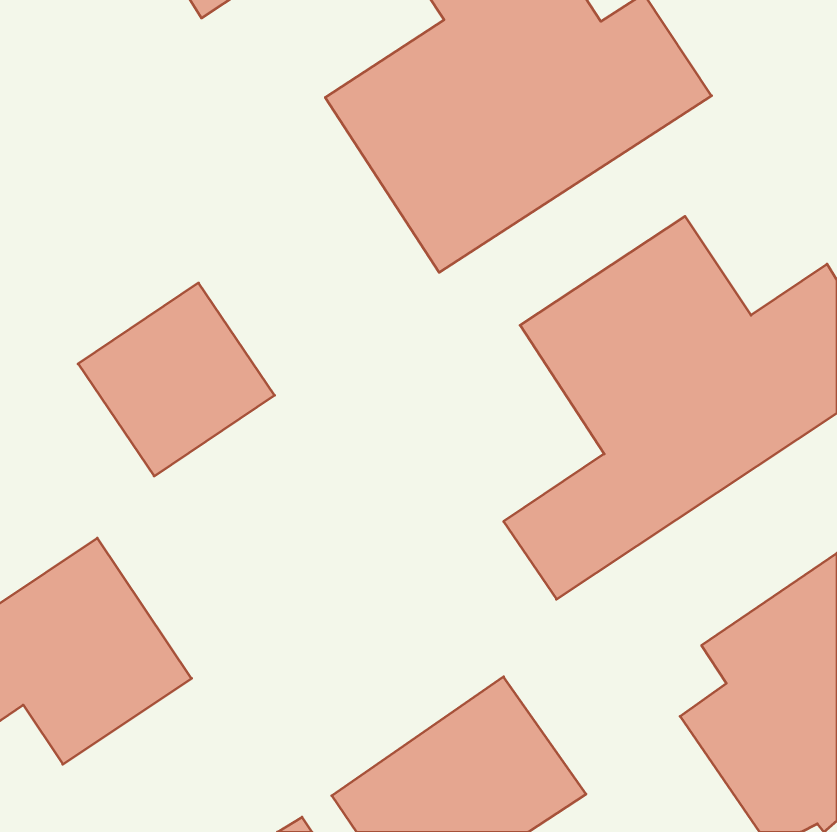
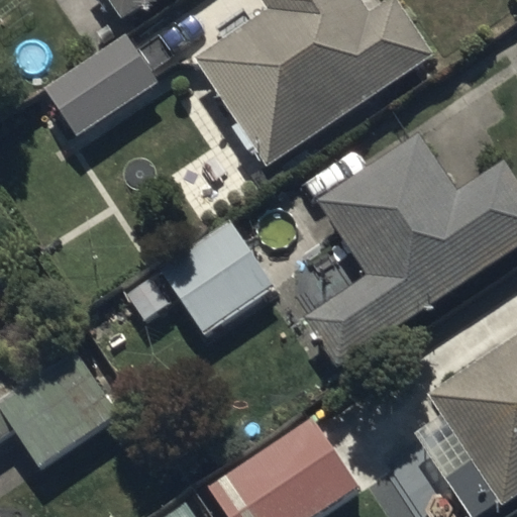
building: none -> [44,34,158,138]
building: [78,283,275,476] -> [158,218,278,336]

